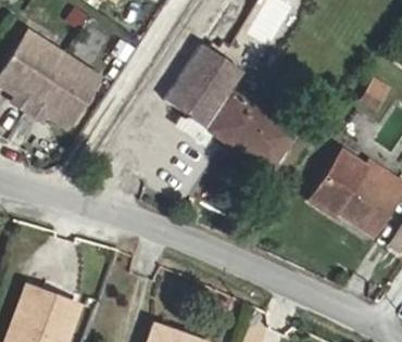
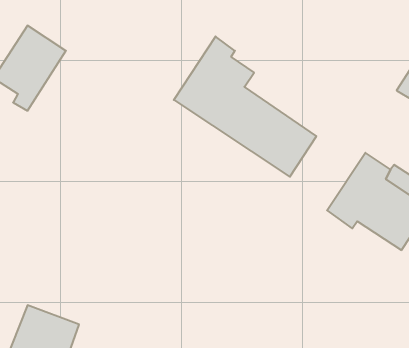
building: [33,54,100,124] -> none

